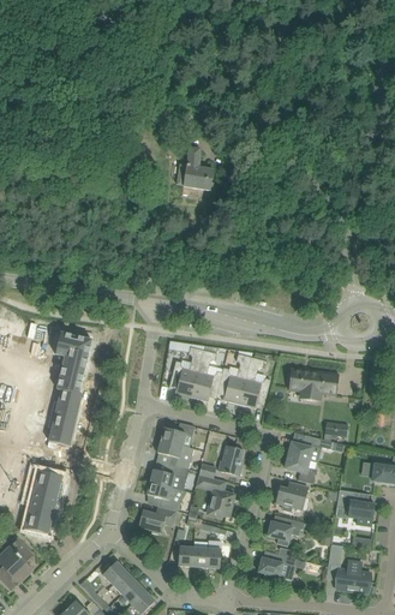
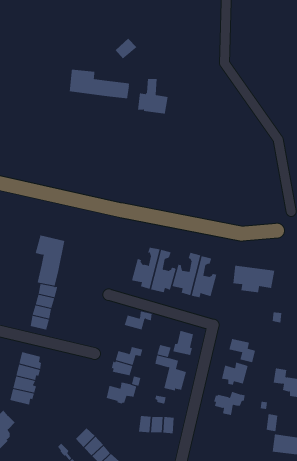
building: none -> [69,69,129,99]
building: [287,435,333,459] -> none
building: [156,438,193,468] -> none
building: [257,553,323,581] -> none

